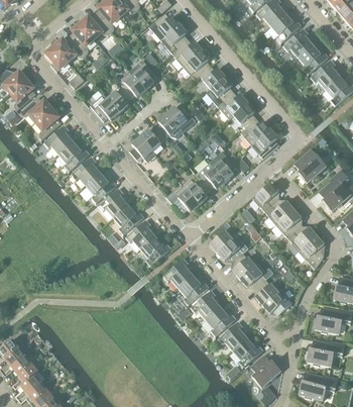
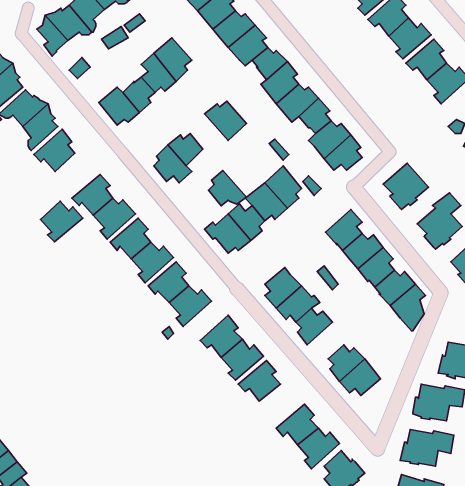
building: [155,113,183,138] -> [209,170,247,206]
building: [58,141,89,171] -> [41,201,83,242]
building: [239,263,272,289] -> none
building: [205,307,235,336] -> none

